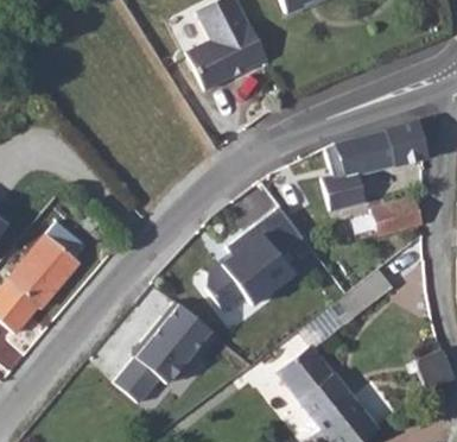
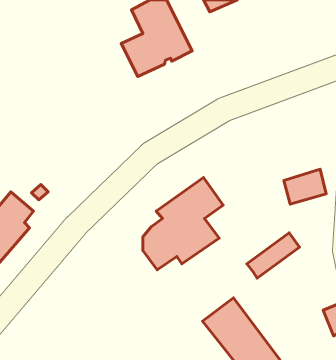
building: [322,125,425,211] -> none
building: [114,302,216,403] -> none

